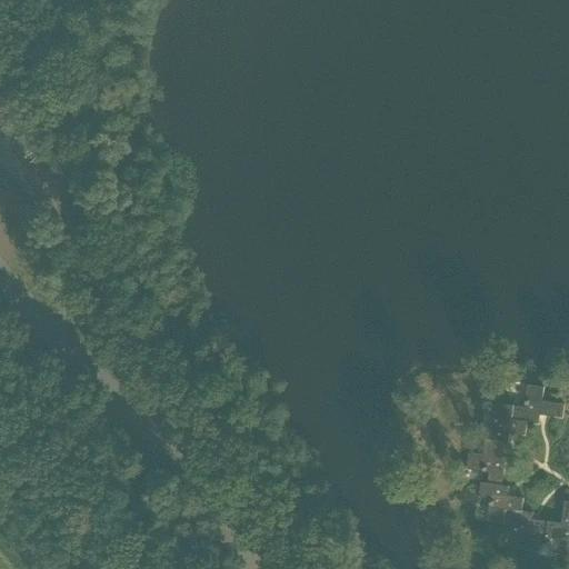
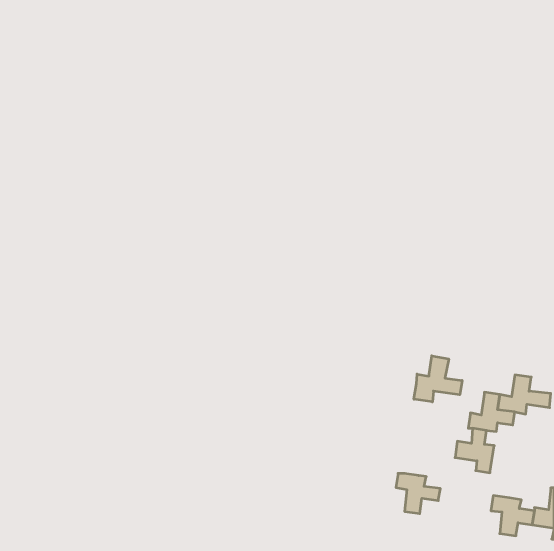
building: none -> [414,356,462,402]
building: [478,481,523,522] -> [396,473,440,514]

